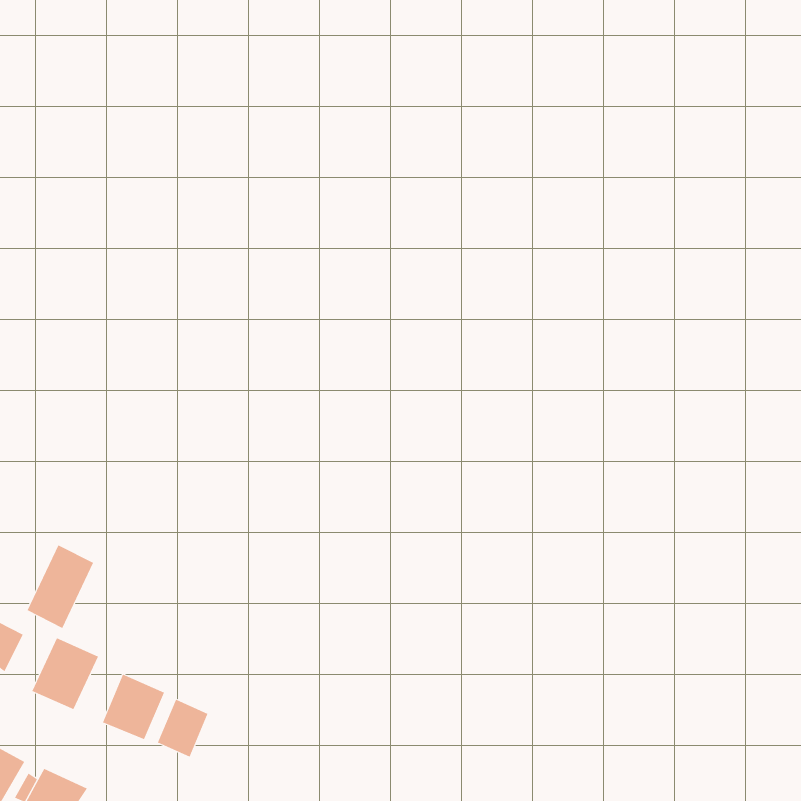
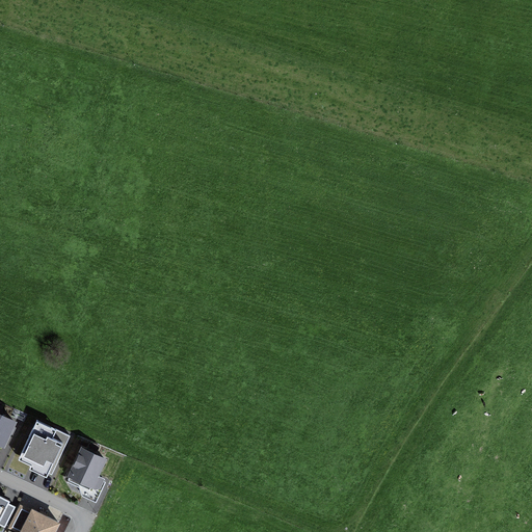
building: [27,544,94,629] -> none
building: [157,699,208,757] -> none

